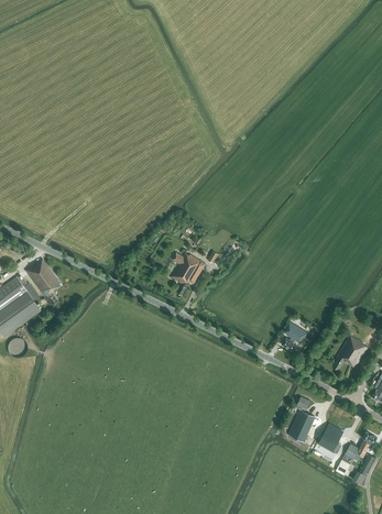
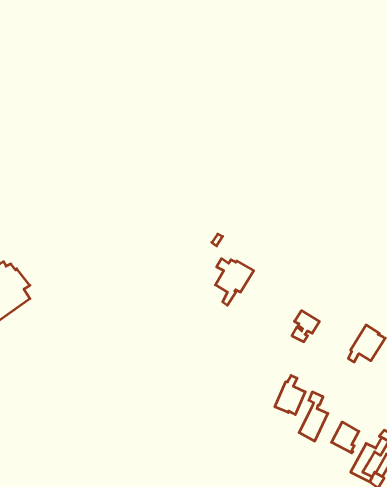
building: [171,252,206,295] -> [215,259,254,305]
building: [25,258,61,305] -> none
building: none -> [275,375,305,415]

